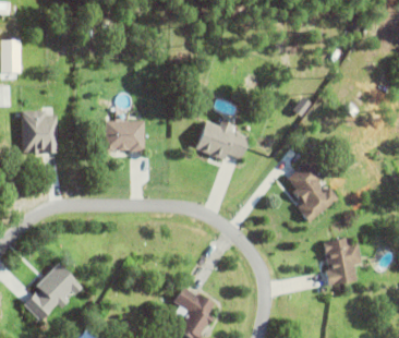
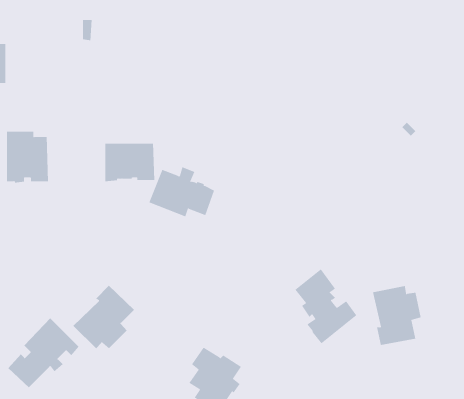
building: [194,119,249,160] -> [148,167,215,217]
building: [287,161,338,224] -> [295,268,357,344]
building: none -> [72,285,135,349]

